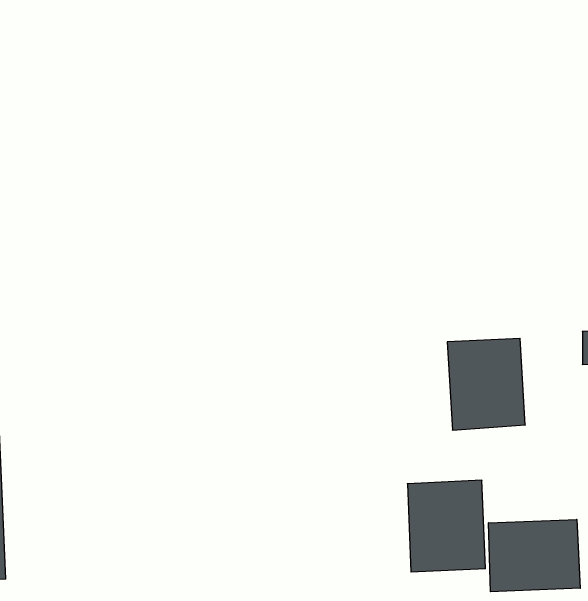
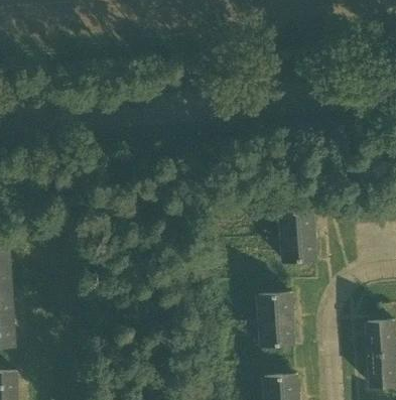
building: [489,519,580,592] -> none

